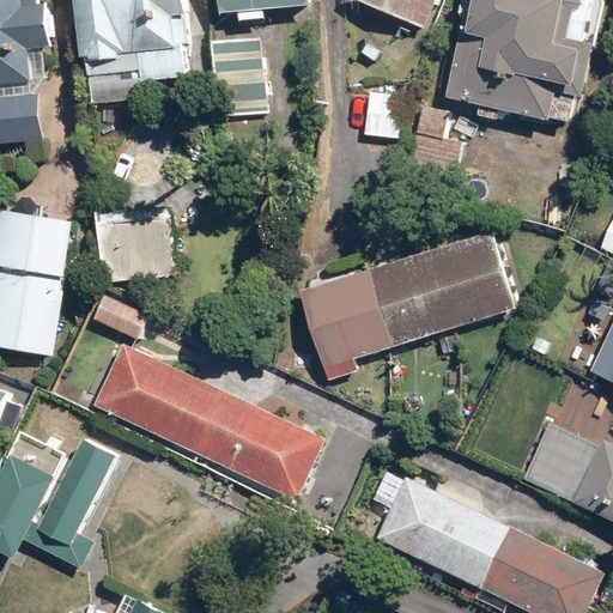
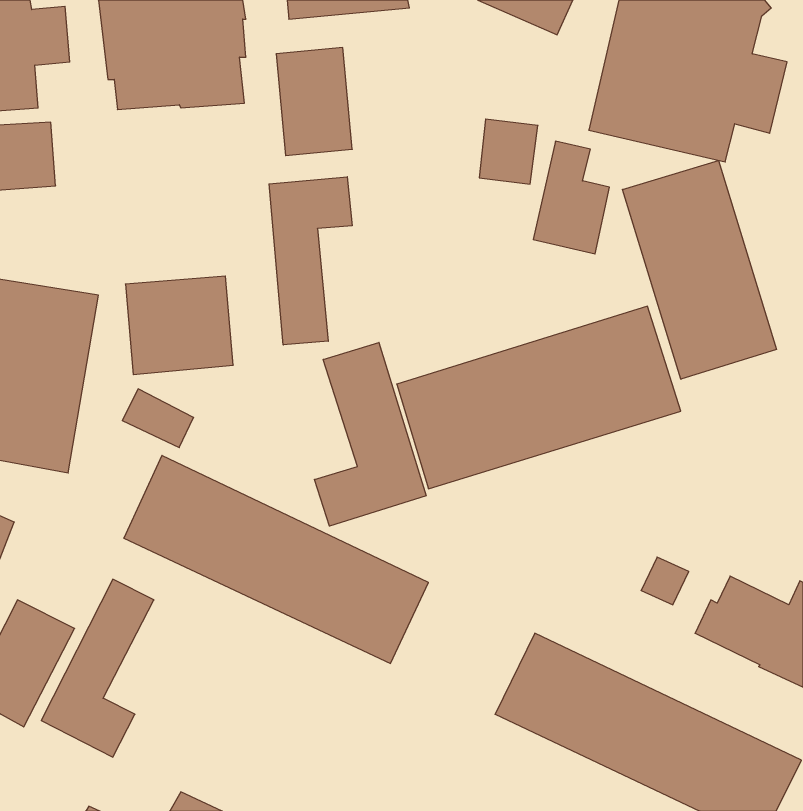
building: none -> [622,161,776,379]
building: none -> [269,177,352,345]
building: none -> [314,342,426,526]

